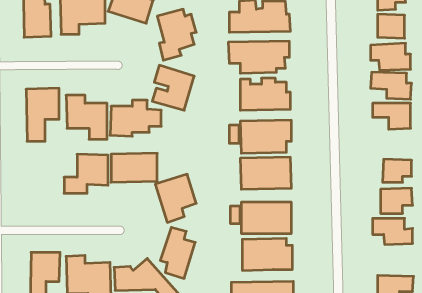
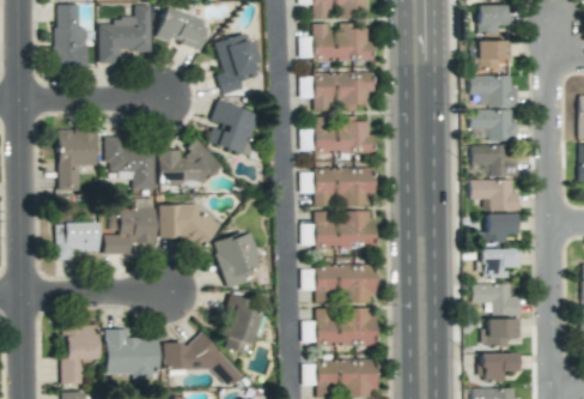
building: none -> [472,180,519,211]
building: none -> [56,222,101,260]
building: none -> [482,319,521,345]

